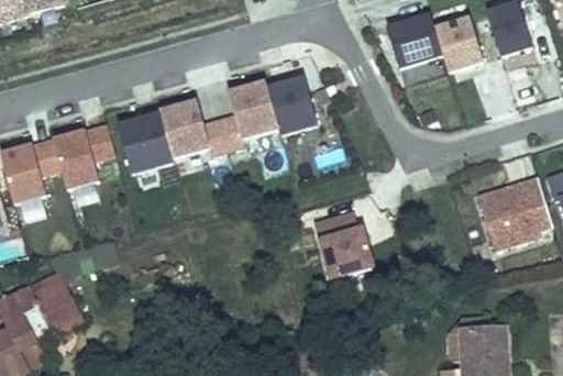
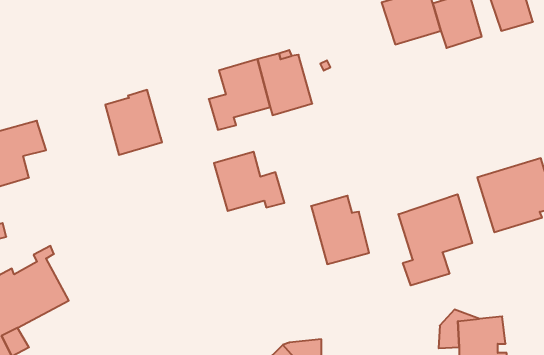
building: [158,99,227,156] -> [214,152,284,211]
building: [52,125,113,189] -> none
building: none -> [398,194,472,285]

